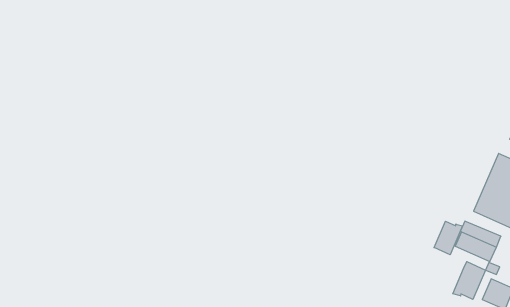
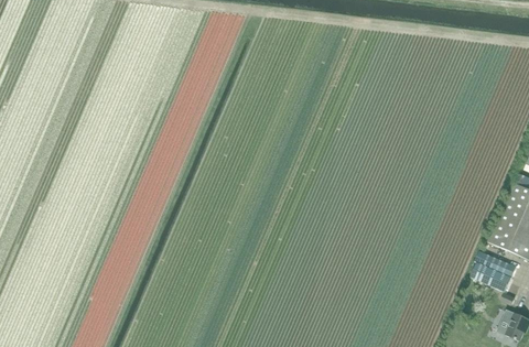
building: [434,221,463,255] -> none
building: [453,262,486,299] -> none

